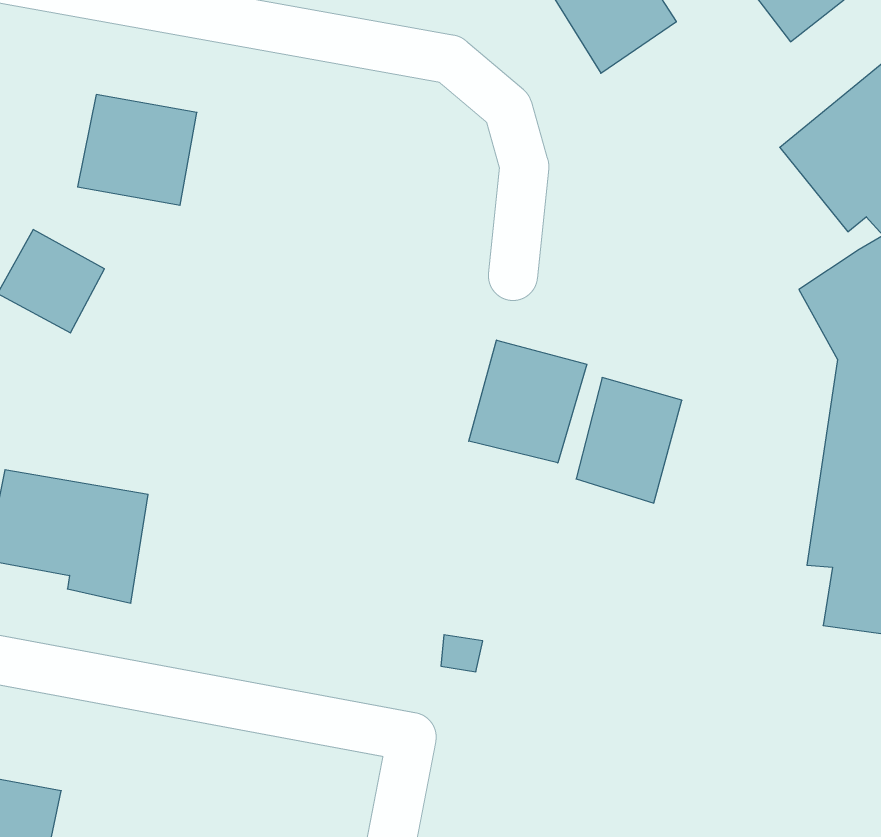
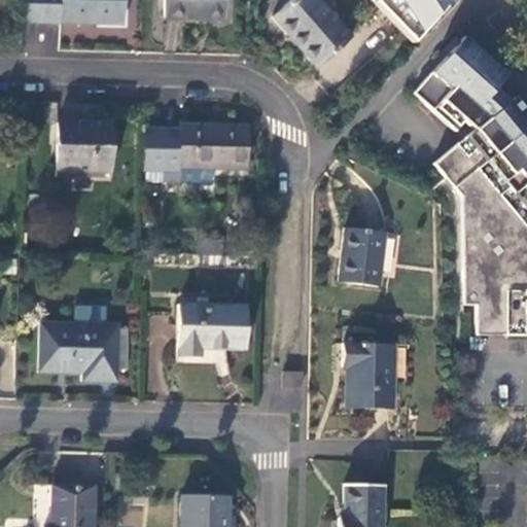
building: none -> [148,124,248,183]
building: [469,340,587,463] -> none
building: none -> [179,304,246,357]
building: none -> [343,343,394,409]

